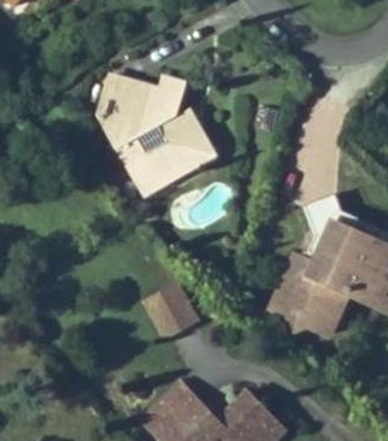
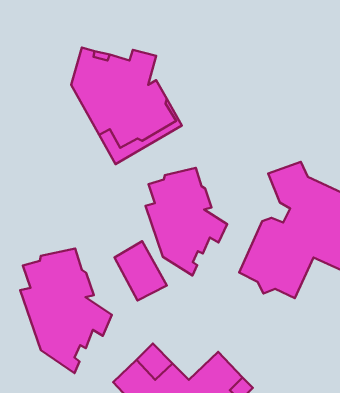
building: none -> [145,168,227,275]
building: none -> [20,248,112,373]

